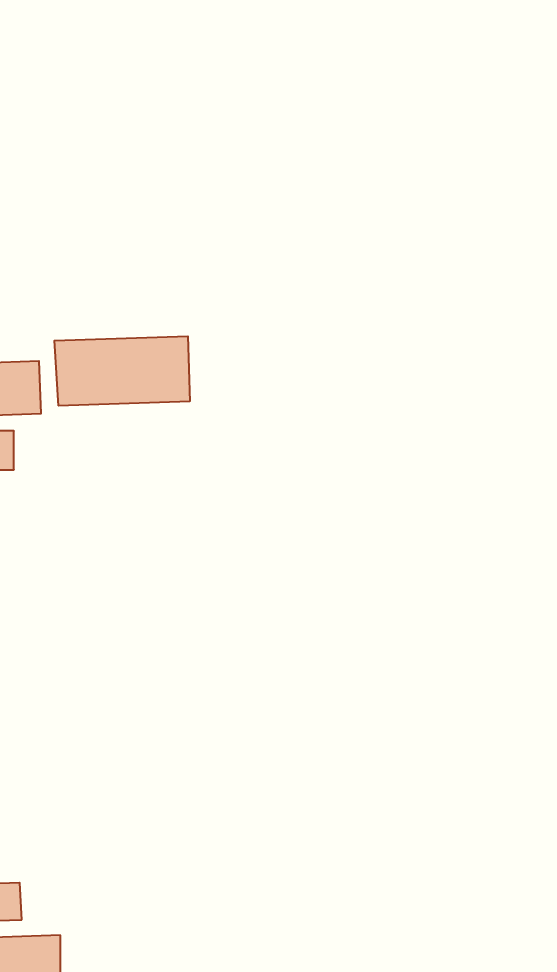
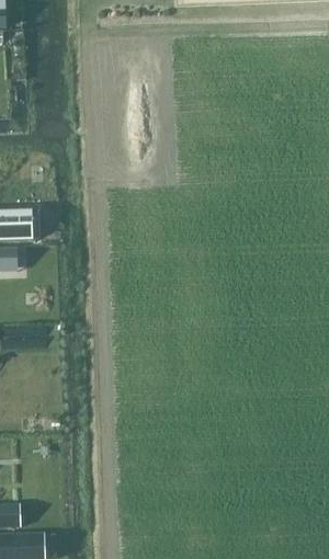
building: [54,336,190,406] -> none

